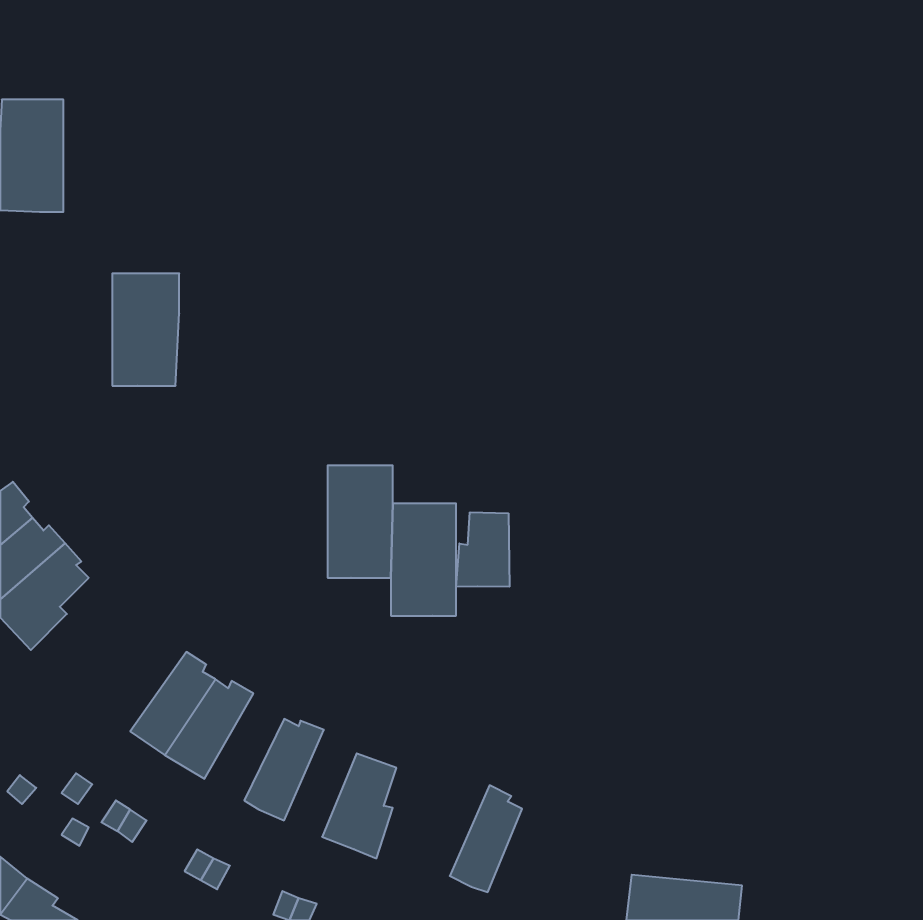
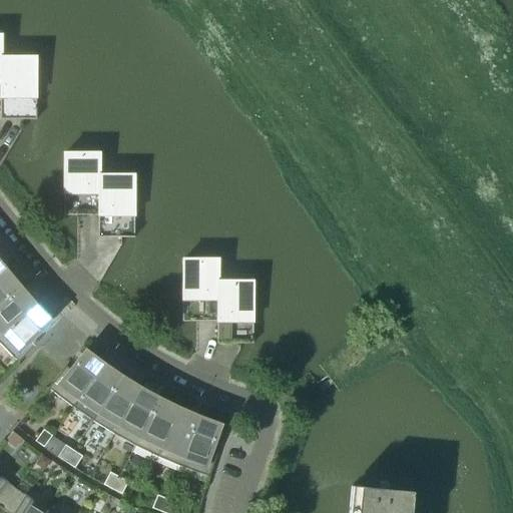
building: none -> [98,173,134,234]
building: [456,512,509,587] -> none
building: none -> [48,350,104,405]
building: none -> [114,384,158,443]
building: [450,785,522,892] -> [158,404,198,463]

